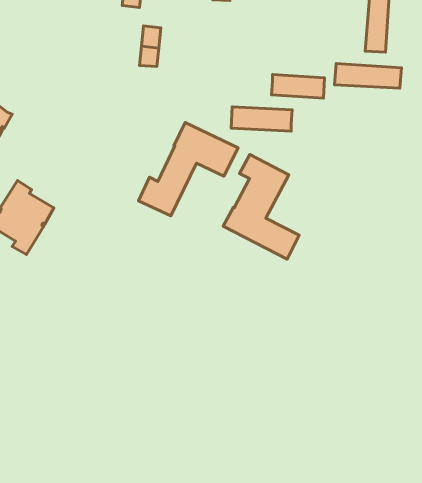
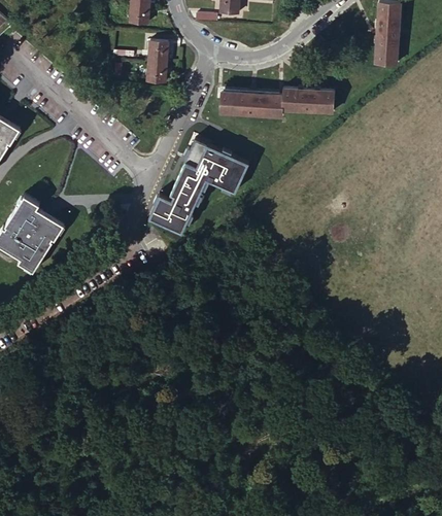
building: [334,63,401,88] -> none
building: [231,107,292,131] -> [220,93,282,117]
building: [223,154,299,259] -> none

